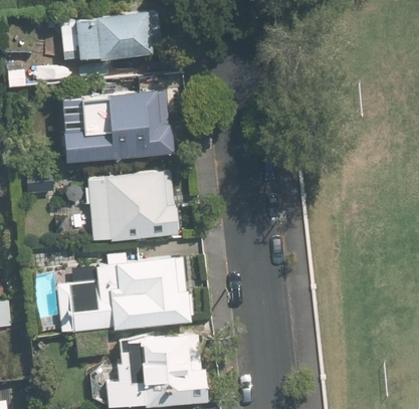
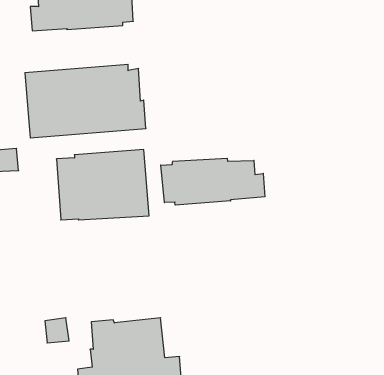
building: none -> [161,158,265,205]
building: [38,257,190,332] -> none

